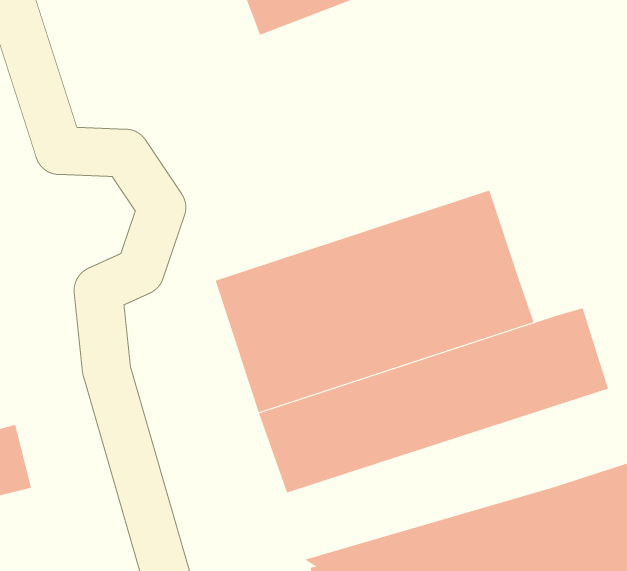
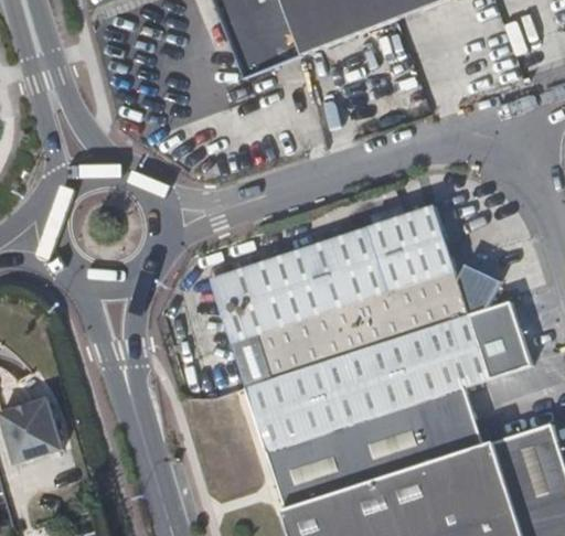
building: none -> [457,264,501,312]
building: none -> [266,390,486,505]

